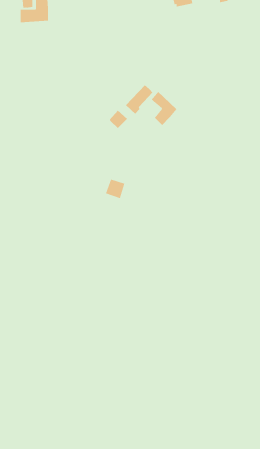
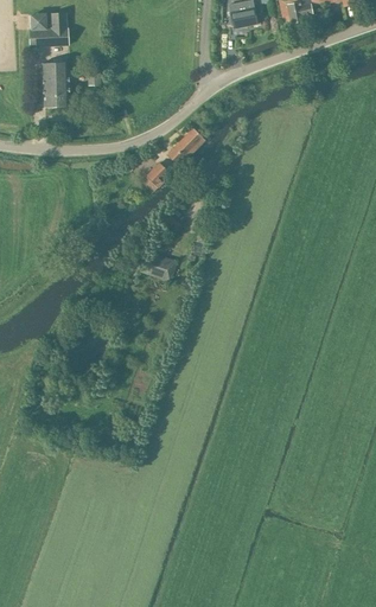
building: none -> [43,62,69,106]
building: [151,91,177,126] -> none

